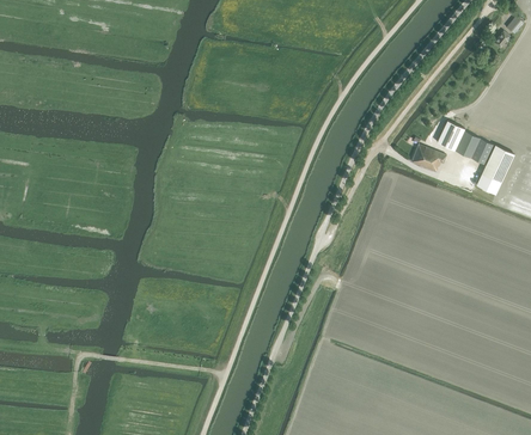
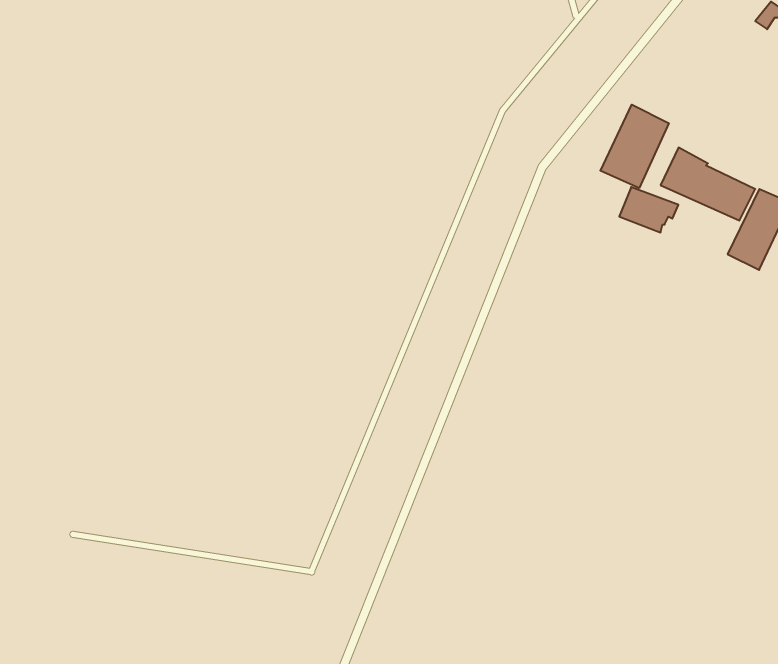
building: none -> [600,105,669,188]

